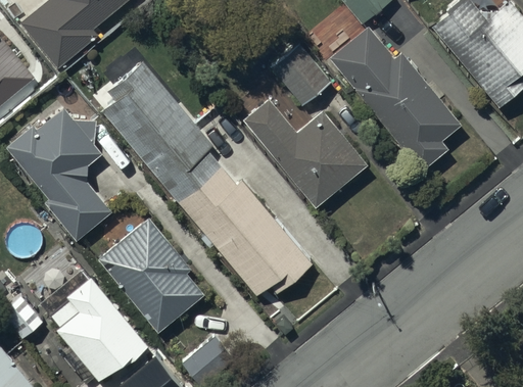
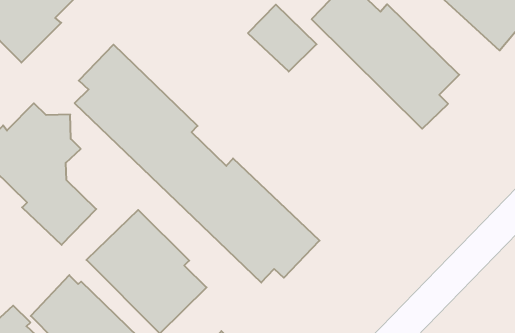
building: [243,98,367,207] -> none

